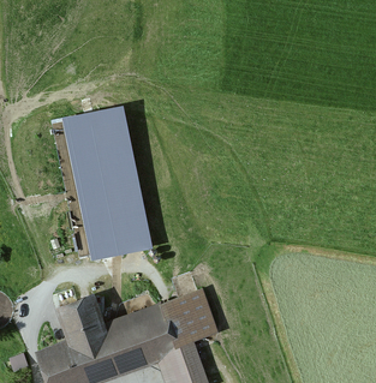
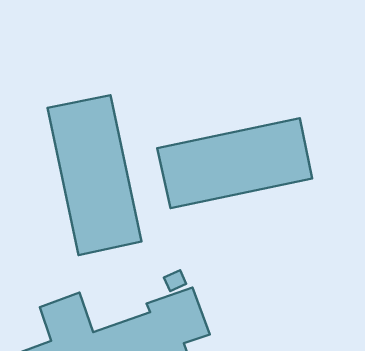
building: none -> [157,118,312,208]

